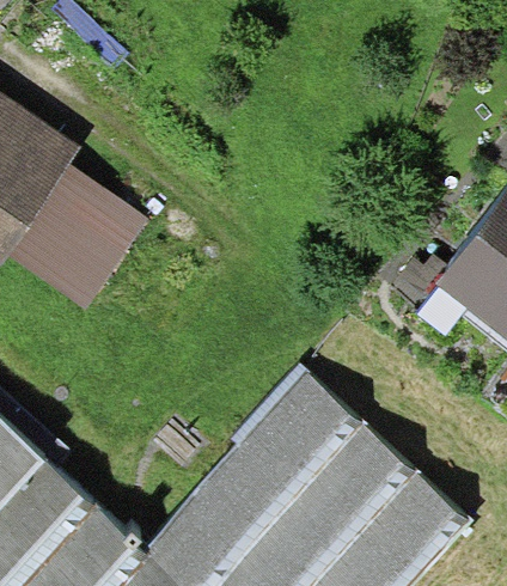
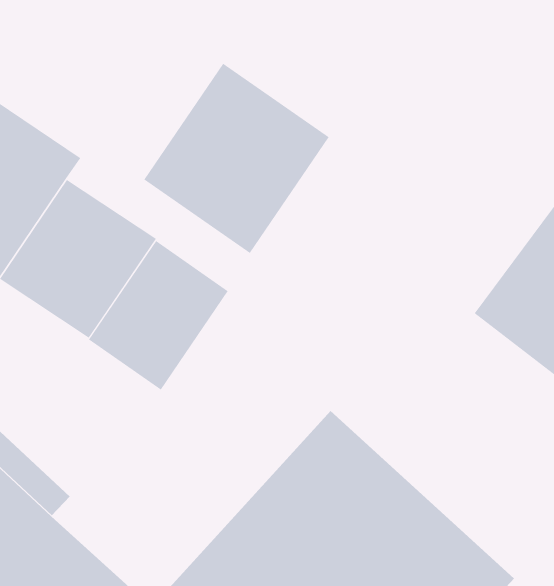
building: none -> [144,63,329,254]
building: none -> [88,240,228,391]

